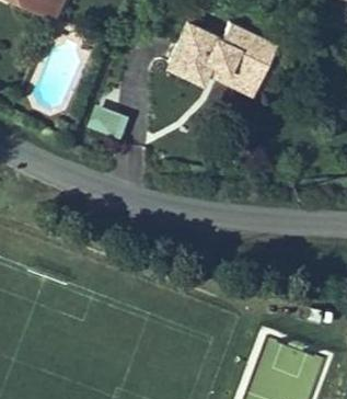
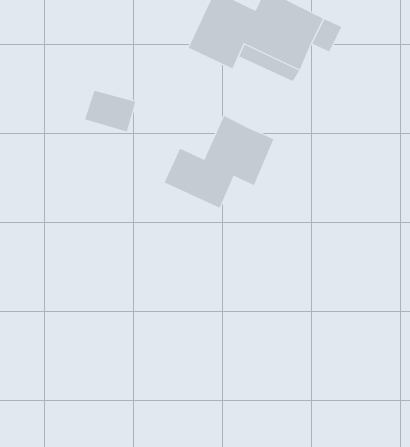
building: none -> [164,115,274,209]

